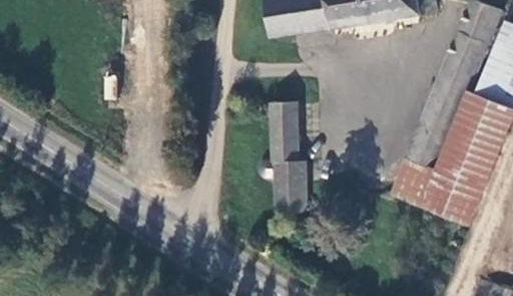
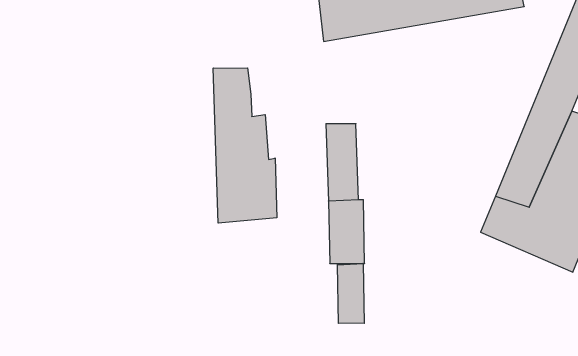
building: none -> [213,68,277,223]
building: none -> [337,263,364,323]

